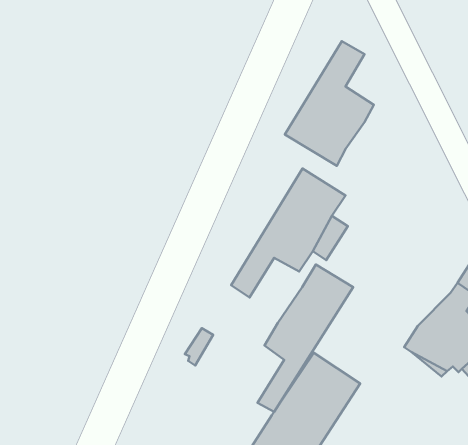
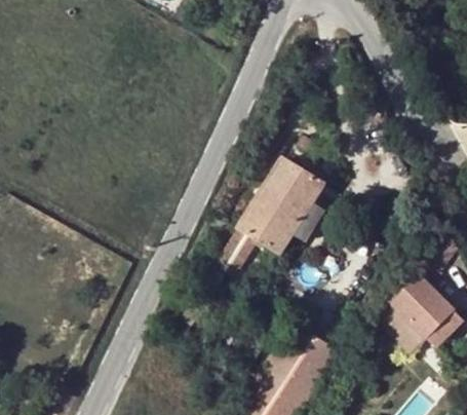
building: [285,41,374,166] -> none
building: [257,264,353,412] -> none

